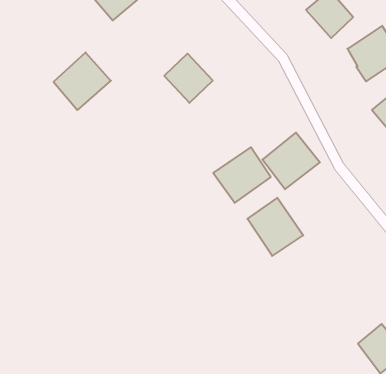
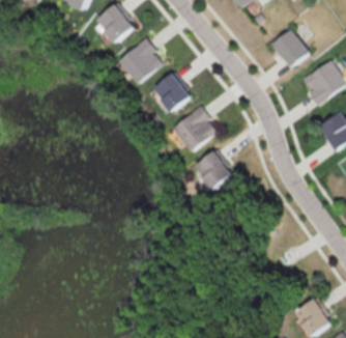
building: [54,52,111,110] -> [119,38,165,84]
building: [262,133,320,189] -> [173,107,219,151]
building: [247,198,303,256] -> none

